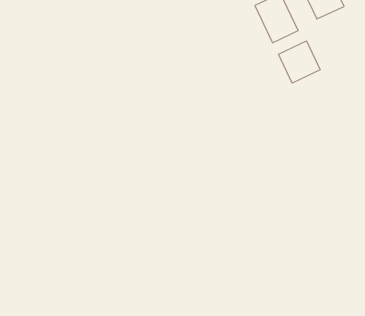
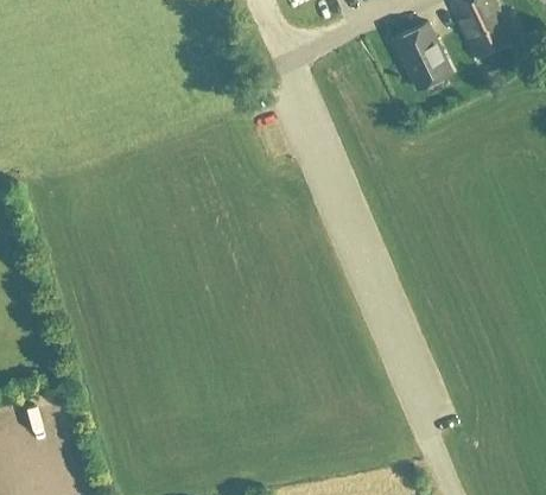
building: [278,41,320,83] -> none

